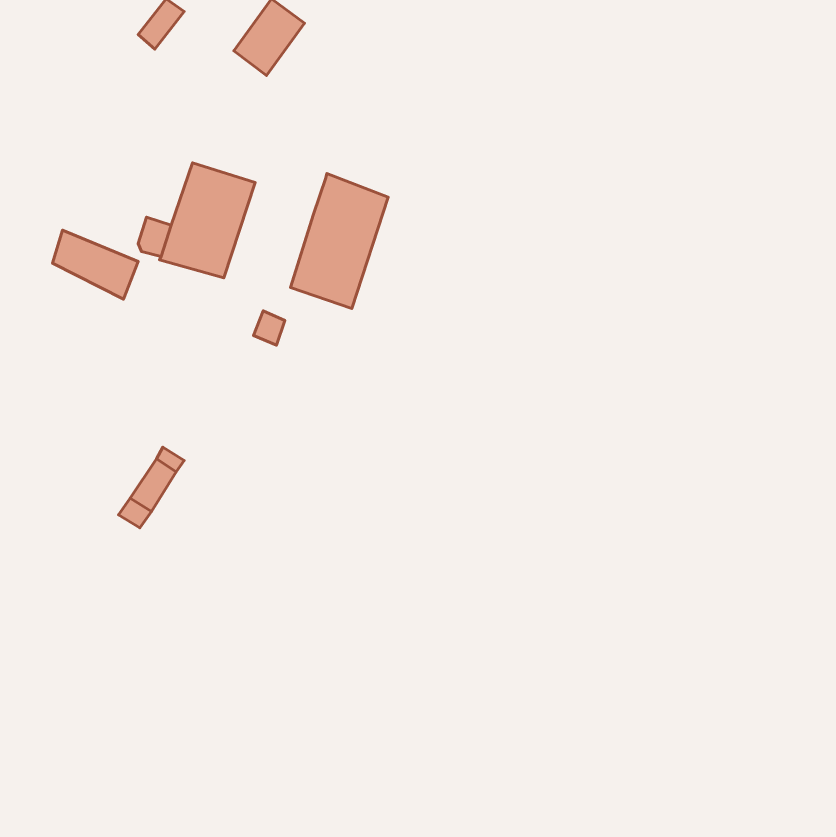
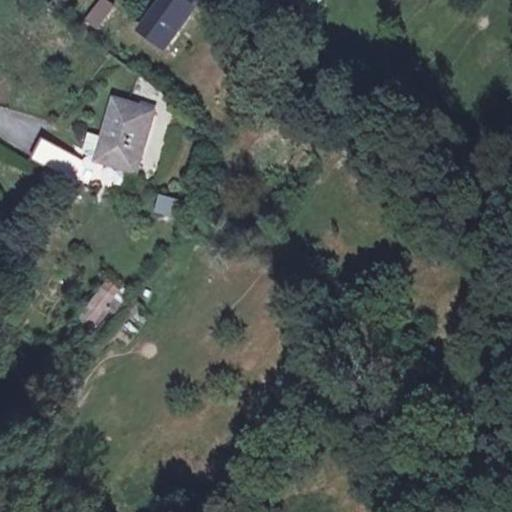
building: [290,174,388,309] -> none

